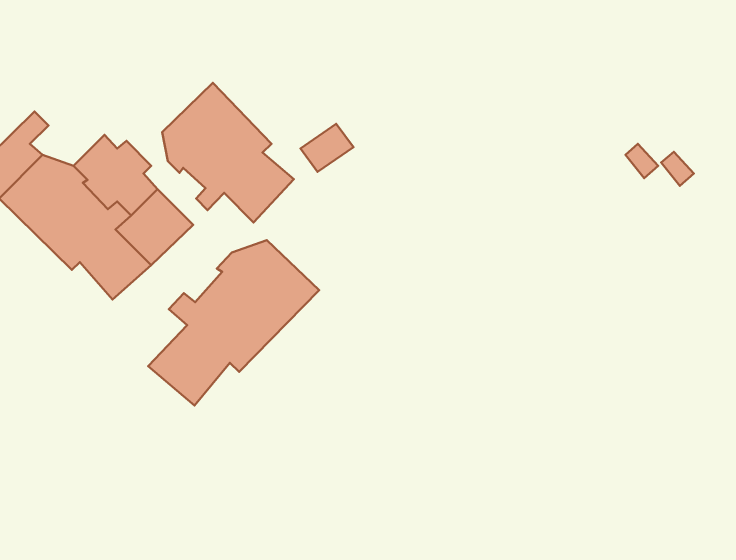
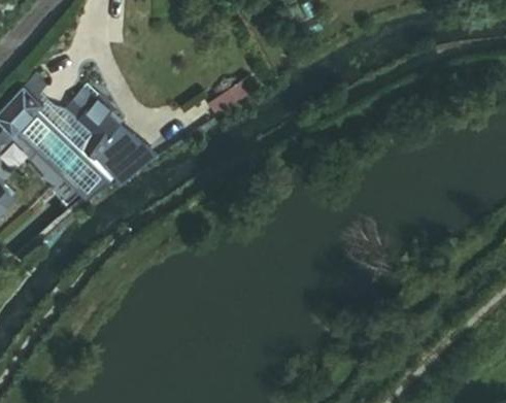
building: [162,83,294,222] -> none
building: [148,240,319,405] -> none

